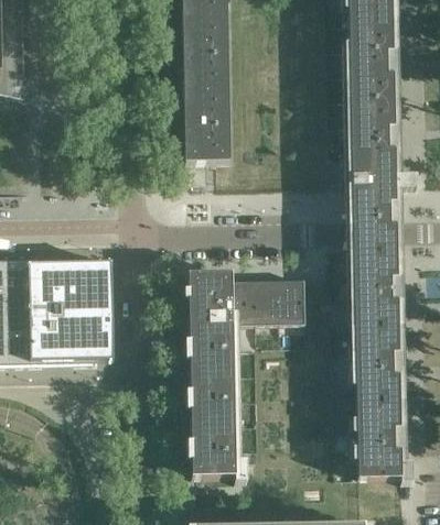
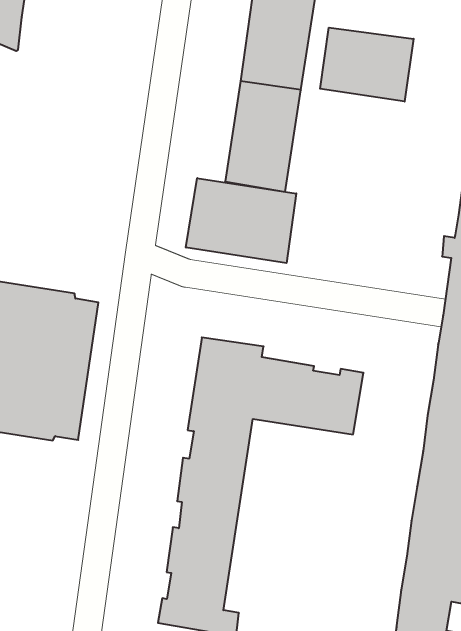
building: none -> [320,28,414,102]
building: none -> [186,178,296,263]

